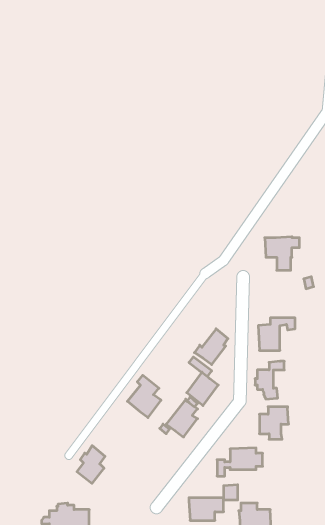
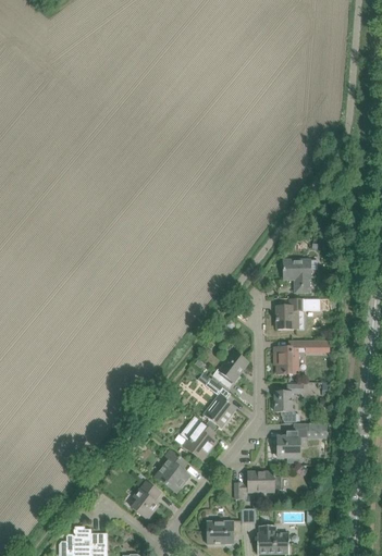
building: none -> [276,298,304,329]
building: [127,375,161,418] -> [156,449,189,492]
building: [77,446,105,483] -> [132,481,160,519]

